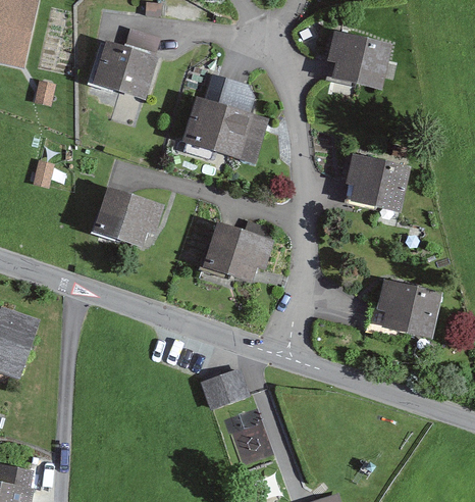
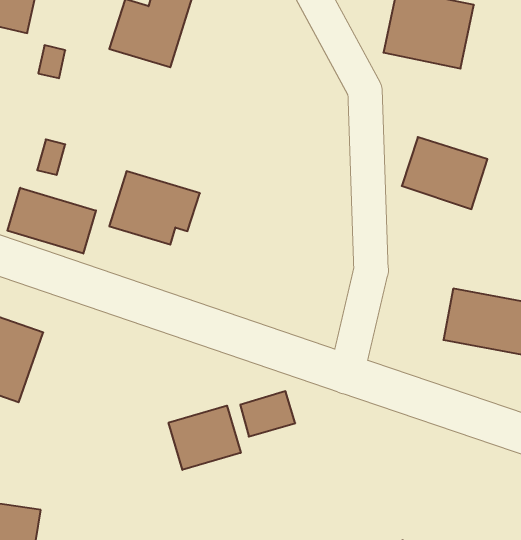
building: [183,72,263,164] -> none
building: none -> [7,188,96,254]
building: [205,223,277,282] -> none
building: none -> [169,406,241,470]

